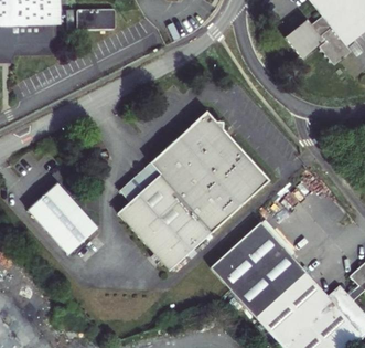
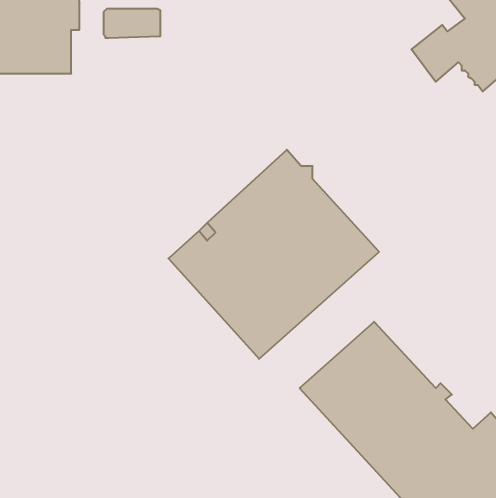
building: [112,180,182,264] -> none
building: [28,183,98,256] -> none

